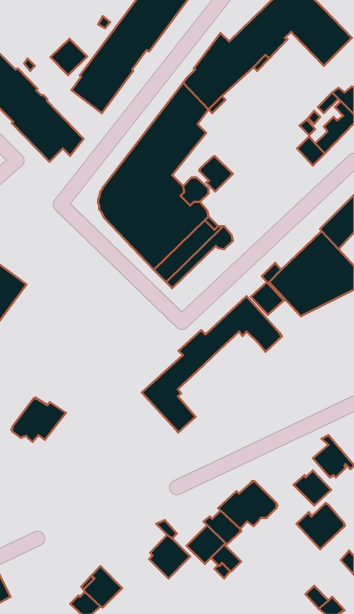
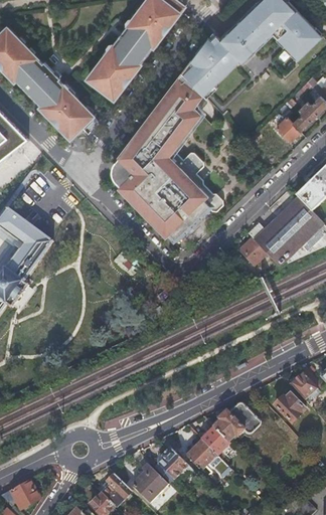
building: [51,39,87,75] -> none
building: [199,156,233,192] -> none
building: [142,296,282,432] -> none
building: [11,398,66,442] -> none
building: [297,503,345,549] -> none
building: none -> [131,465,166,503]

